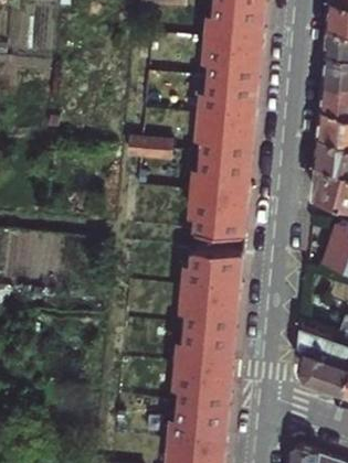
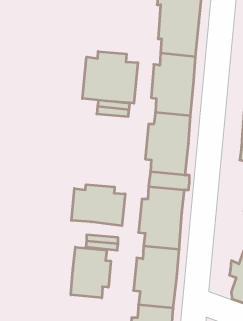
building: none -> [82,51,138,103]
building: none -> [71,185,125,226]
building: none -> [71,247,111,298]

